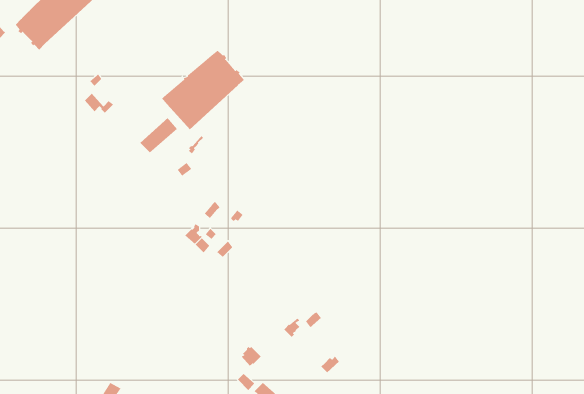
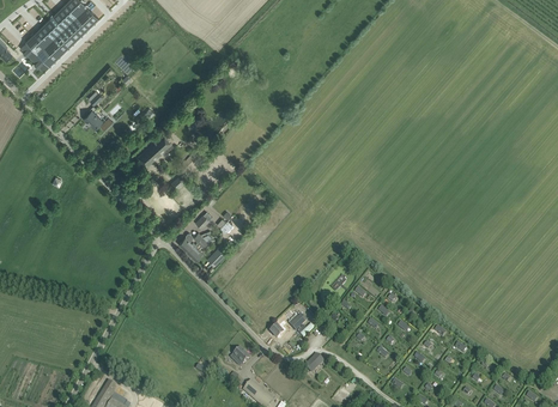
building: [161,50,245,130] -> none

